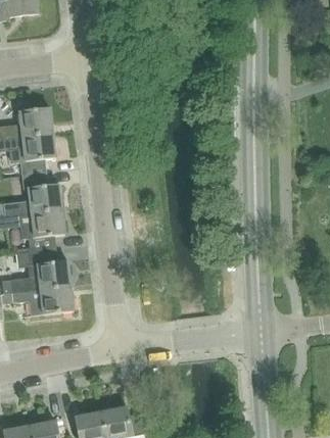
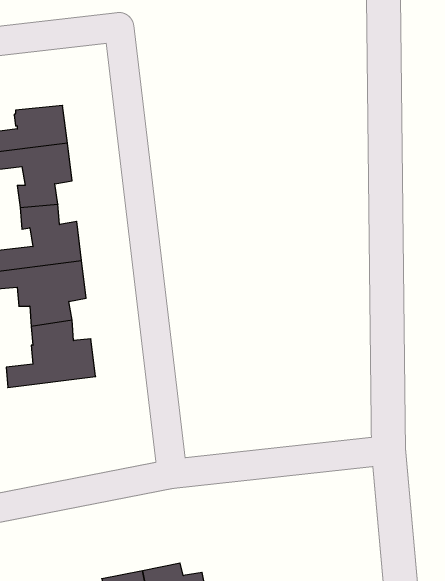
building: [13,285,73,315] -> none

